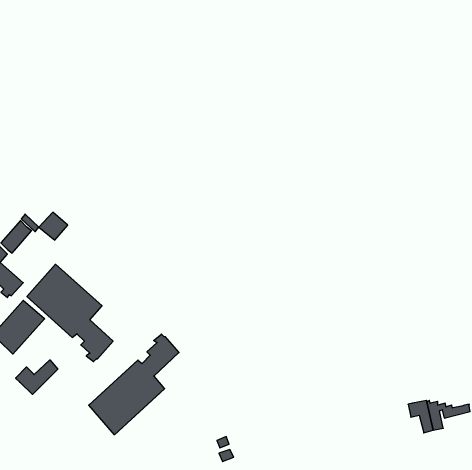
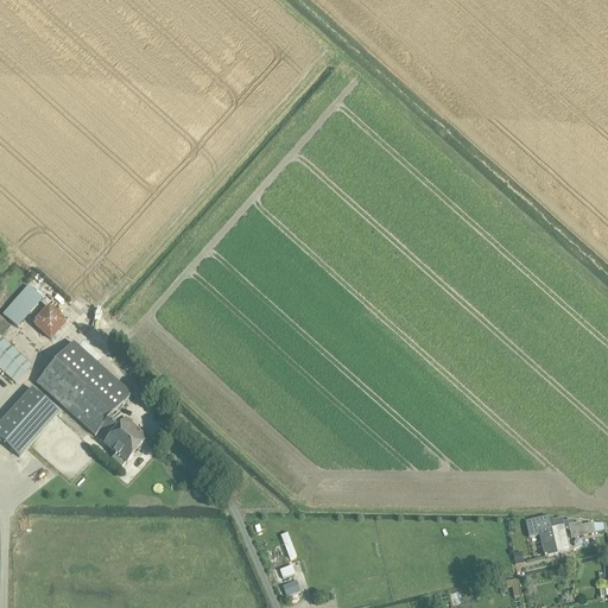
building: [39,212,68,240] -> [28,302,65,337]
building: [89,334,179,435] -> none
building: [16,360,58,394] -> none

